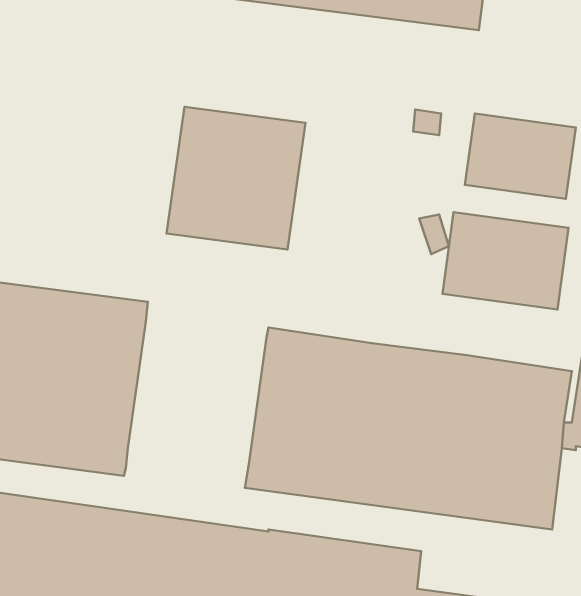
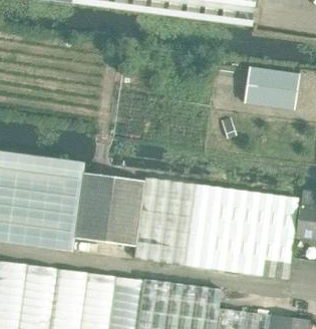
building: [167,107,305,249] -> [73,173,143,245]
building: [443,212,568,309] -> none

